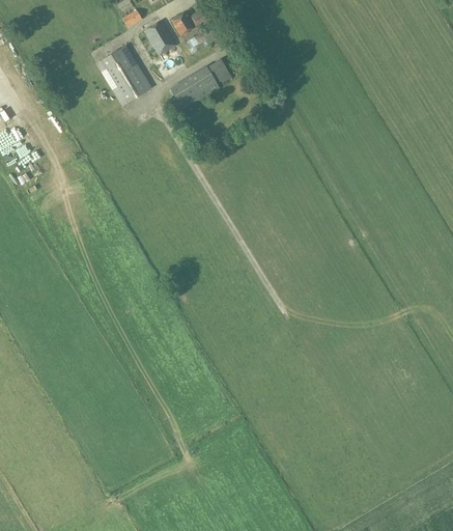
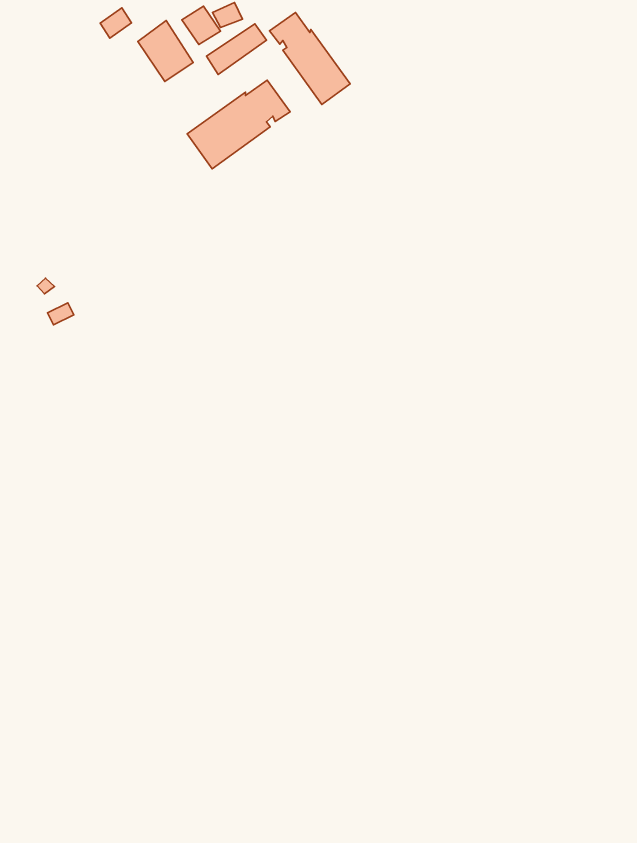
building: none -> [270,13,350,104]
building: [95,44,152,106] -> none

